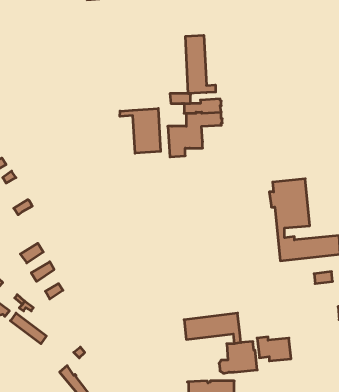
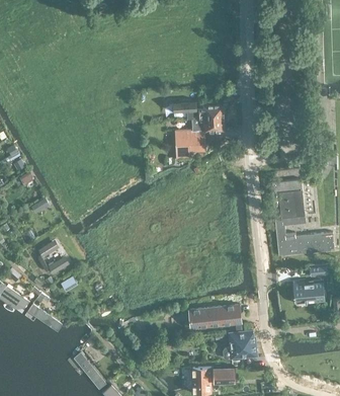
building: [186,35,216,94] -> none
building: [120,108,161,153] -> none
building: [257,337,291,361] -> [293,281,325,303]

